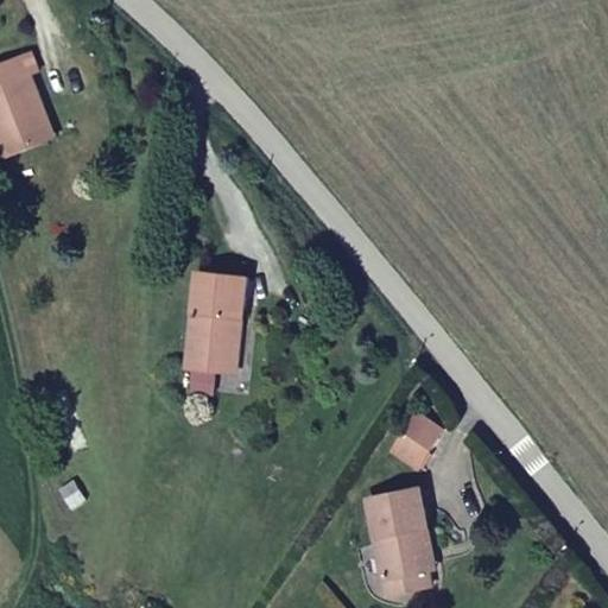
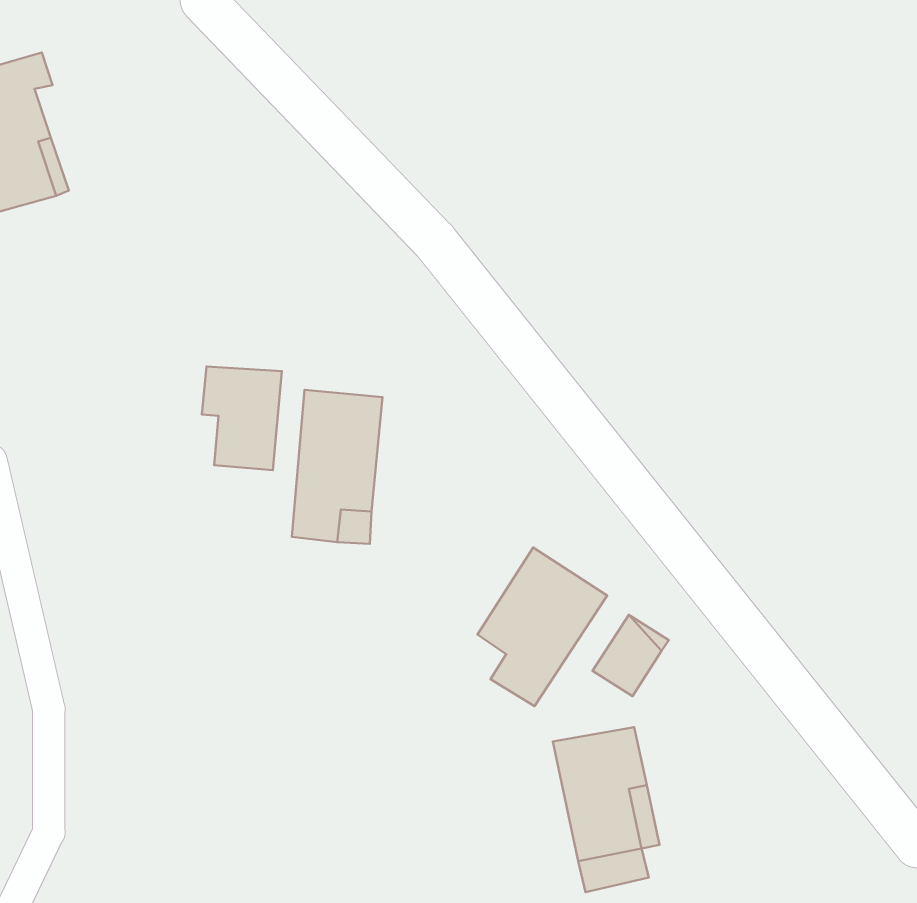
building: none -> [202,366,282,470]
building: none -> [477,547,607,706]

